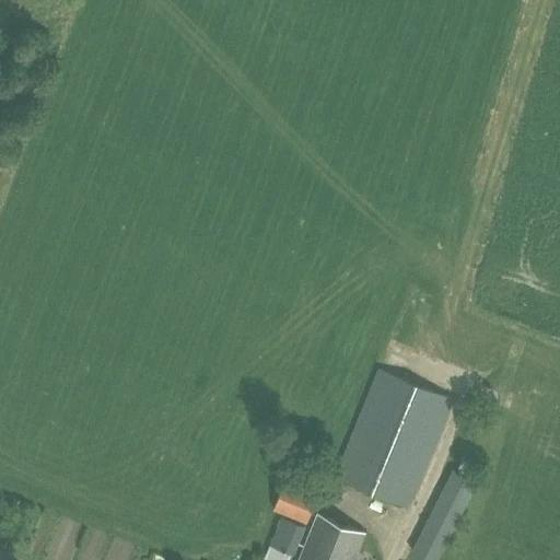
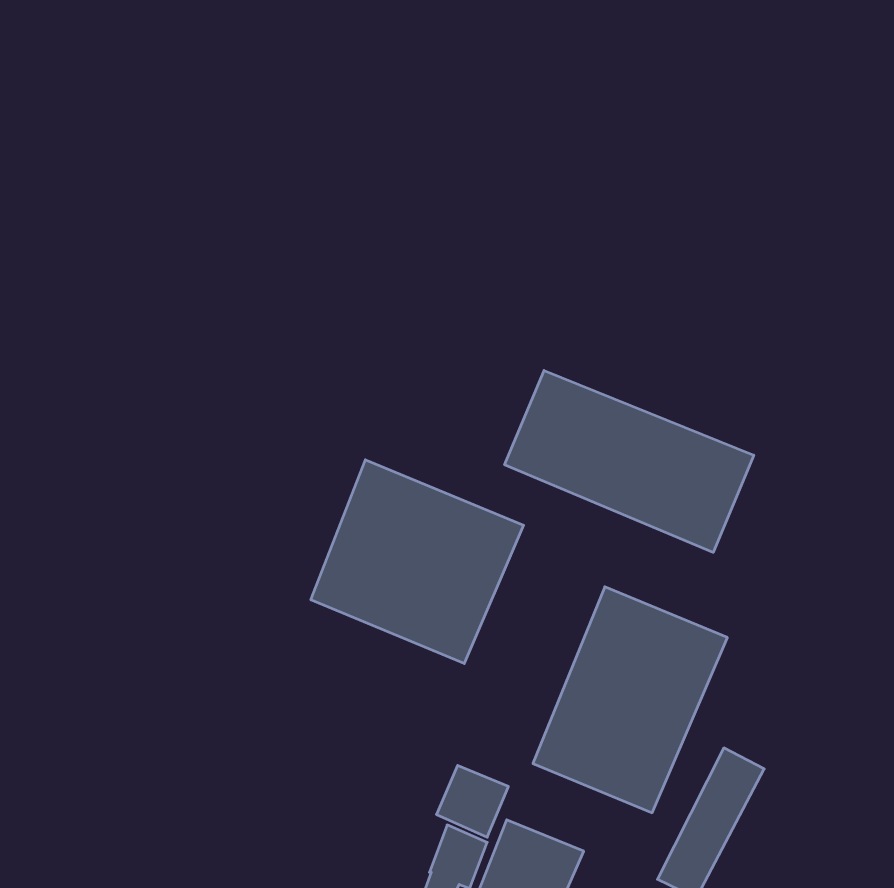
building: none -> [505,370,754,552]
building: none -> [311,460,524,664]

